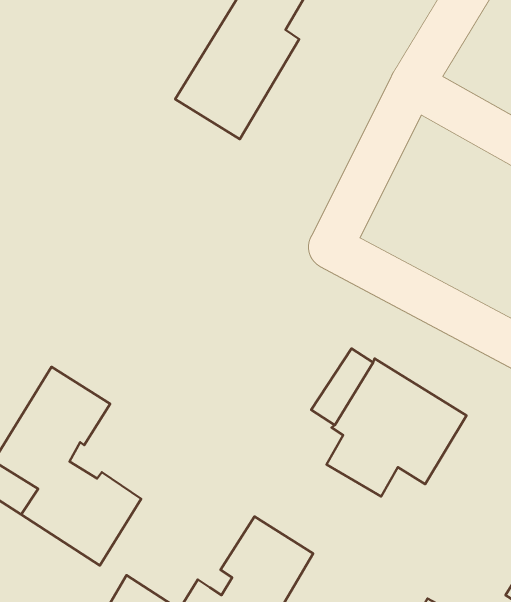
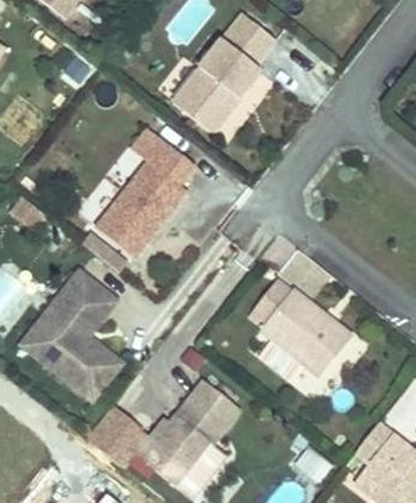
building: none -> [70,121,191,276]

